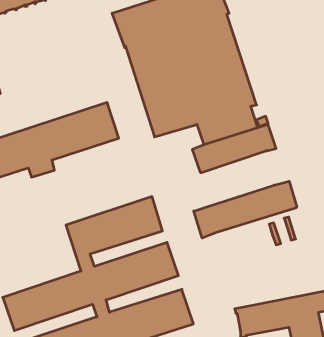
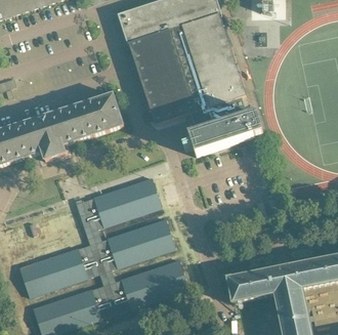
building: [194,181,297,238] -> none

